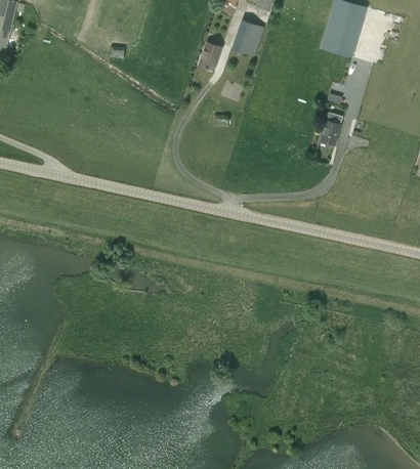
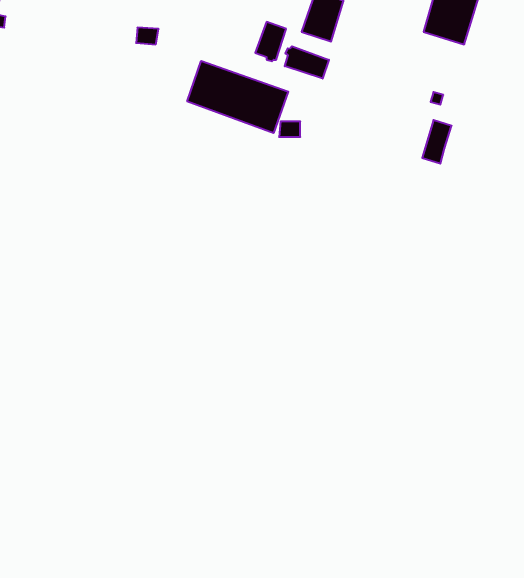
building: none -> [285,46,329,79]
building: none -> [187,61,288,133]

